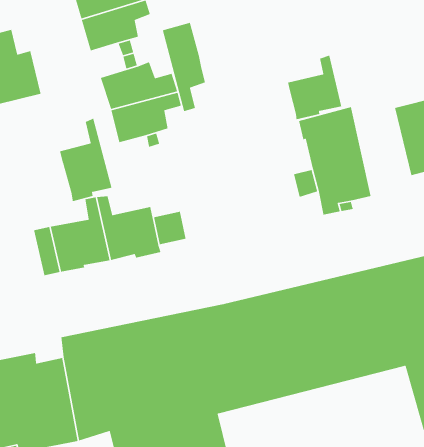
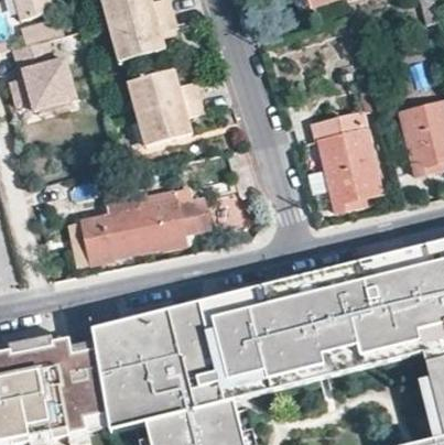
building: [162,22,206,112] -> none
building: [287,54,342,120] -> none
building: [59,118,112,202] -> none

